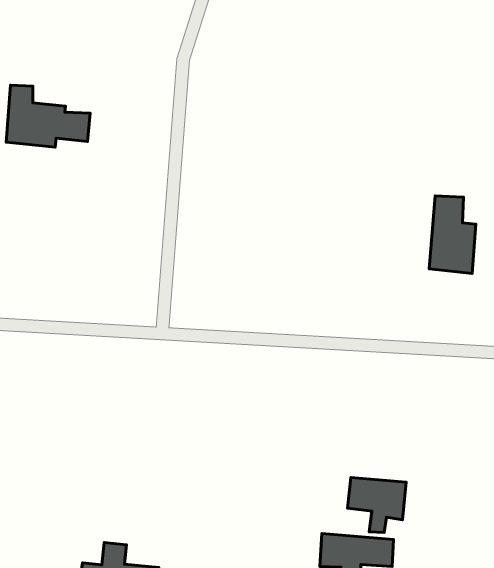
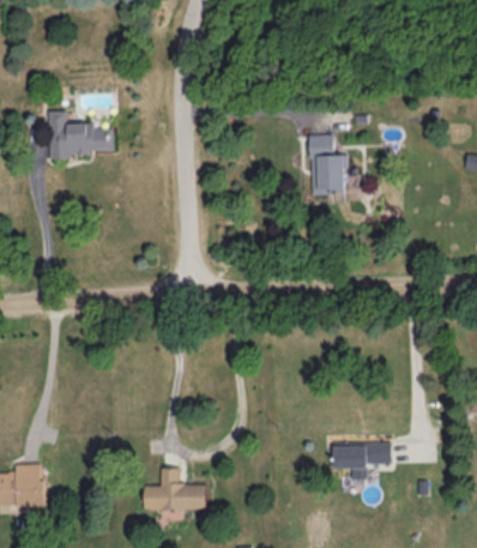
building: [429,196,476,273] -> [310,136,346,195]
building: [347,478,406,533] -> none

